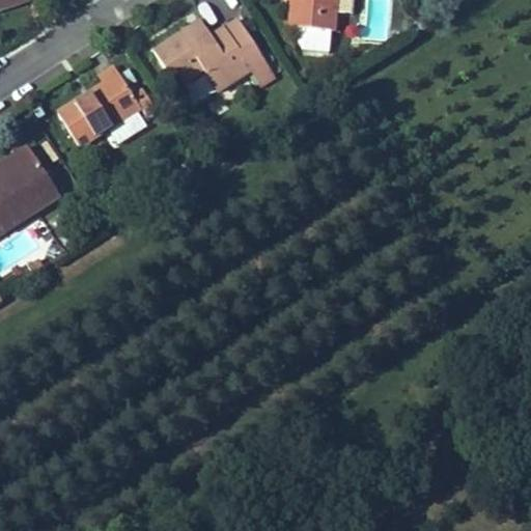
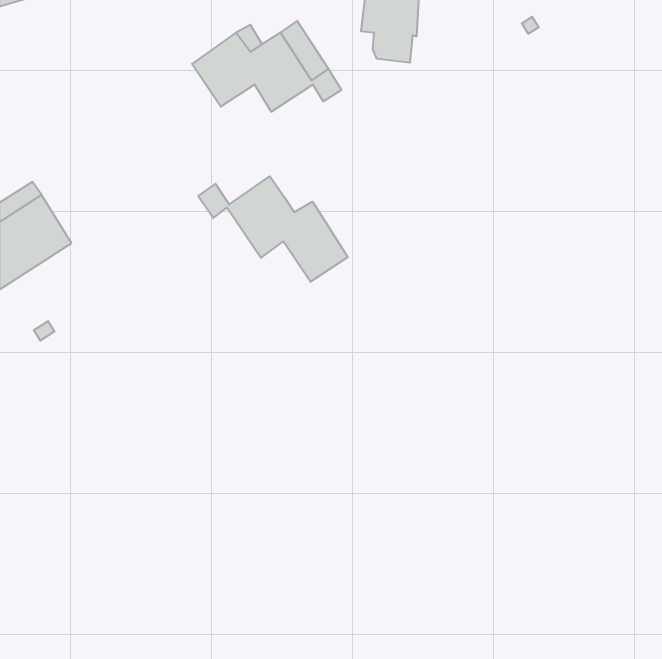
building: [64,71,155,144] -> none
building: none -> [198,176,348,282]

